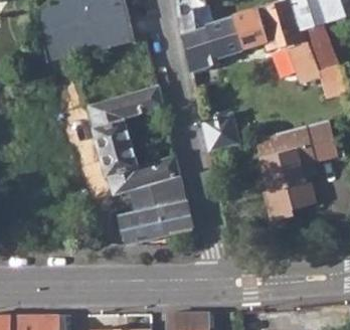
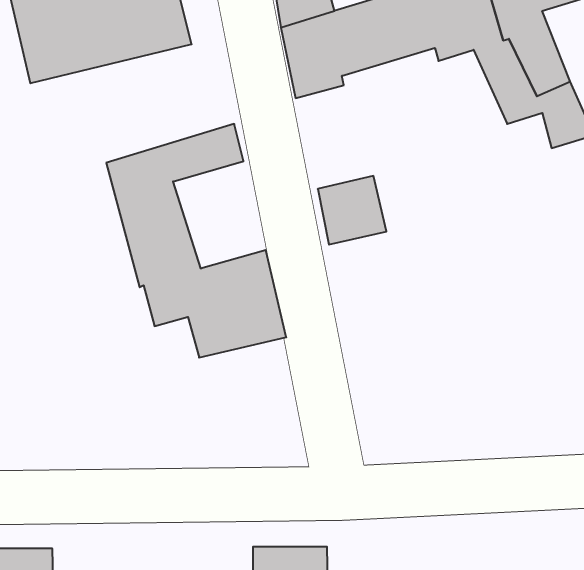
building: [256,121,338,219] -> none
building: [119,200,191,242] -> none

